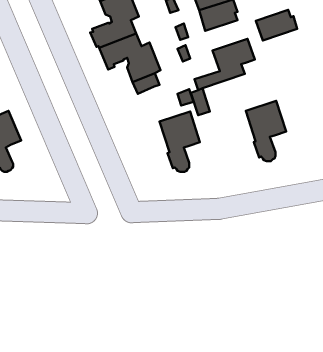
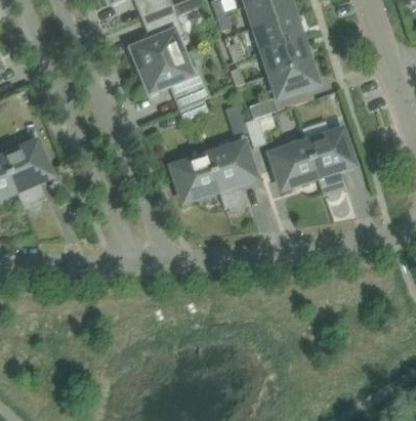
building: [256,10,297,40] -> [261,36,308,71]
building: none -> [272,139,319,185]
building: none -> [173,152,220,199]

